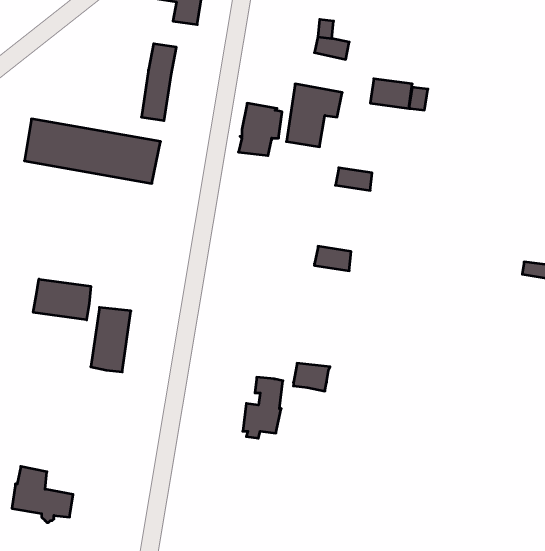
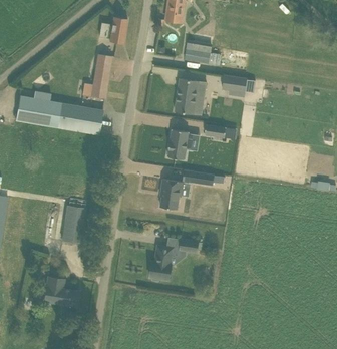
building: [238,103,282,156] -> [165,128,191,158]
building: none -> [159,178,183,209]
building: [33,279,91,320] -> none
building: [12,466,73,522] -> [43,276,78,308]

